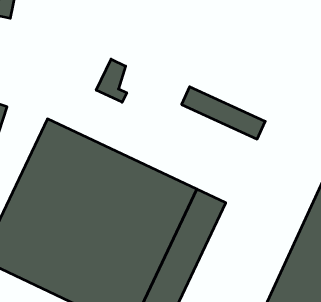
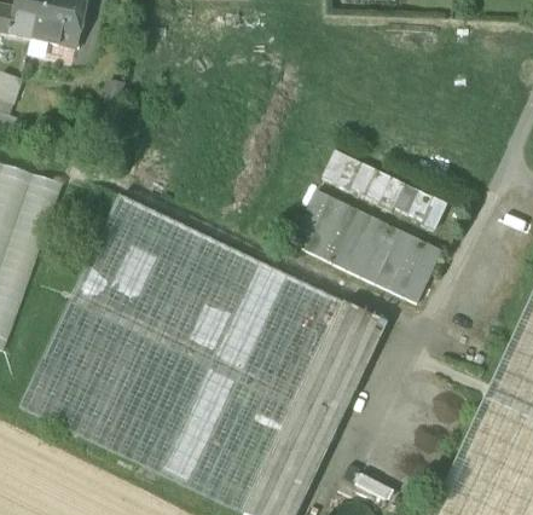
building: [96,59,127,102] -> none
building: none -> [290,190,440,300]

